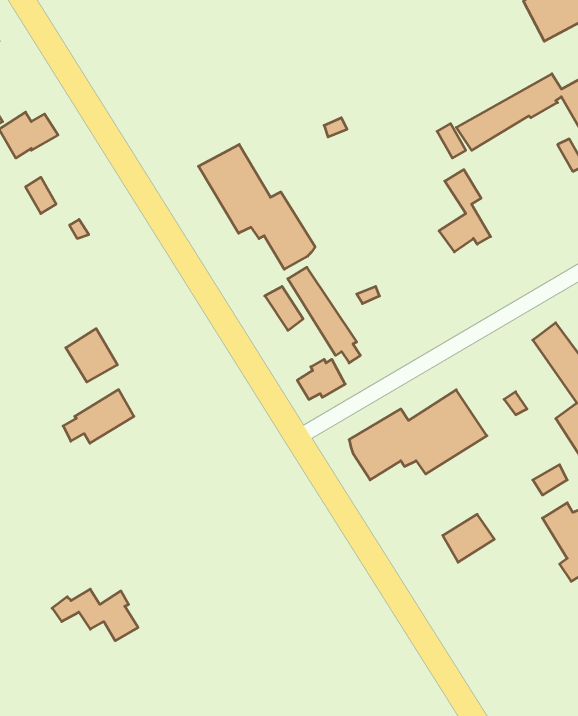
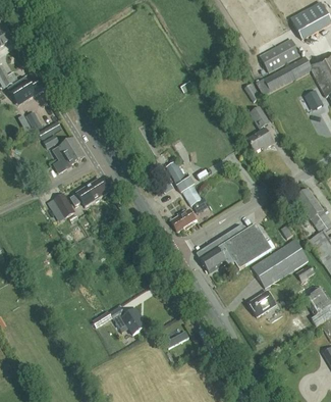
building: none -> [260,38,300,73]
building: [198,144,315,269] -> none
building: none -> [54,137,85,172]
building: [63,390,134,443] -> [70,178,108,206]
building: none -> [251,239,306,286]
building: [52,589,138,641] -> [99,306,145,334]

